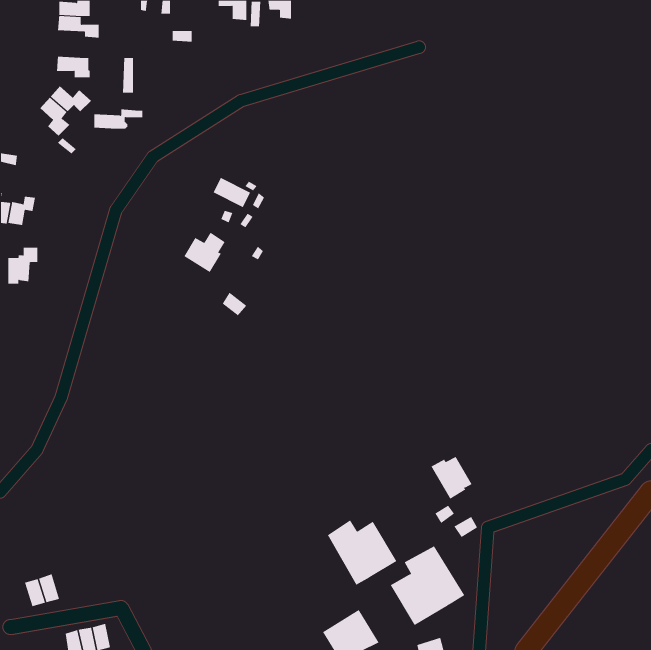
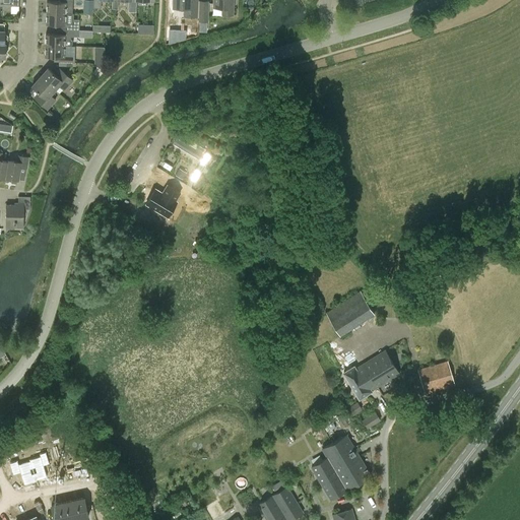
building: [94,109,143,129] -> [46,30,85,47]
building: none -> [326,291,375,336]
building: none -> [364,351,398,387]
building: none -> [417,362,454,394]
building: [327,520,397,585] -> none

